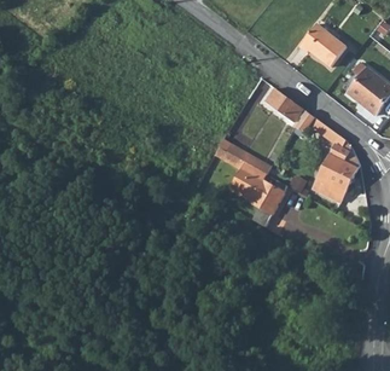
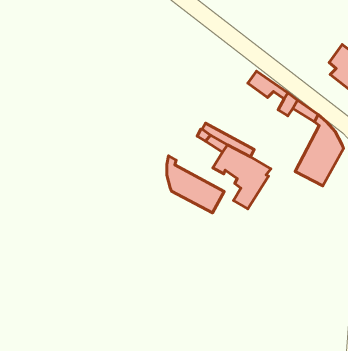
building: [298,25,344,69] -> none
building: none -> [167,156,224,213]

